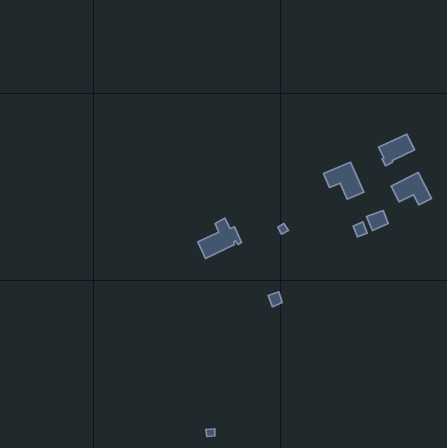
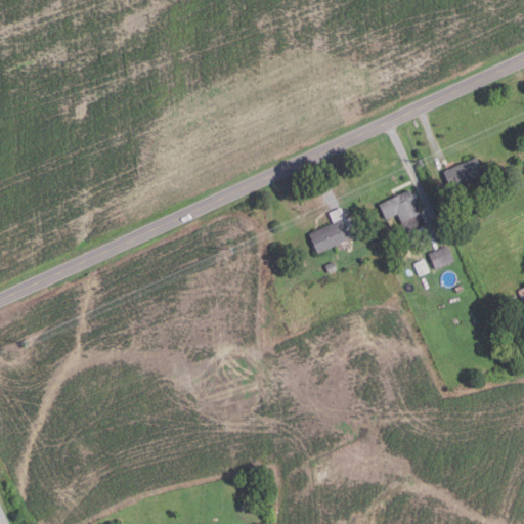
building: [391,173,432,205] -> none
building: [198,218,242,258] -> [308,207,359,254]

